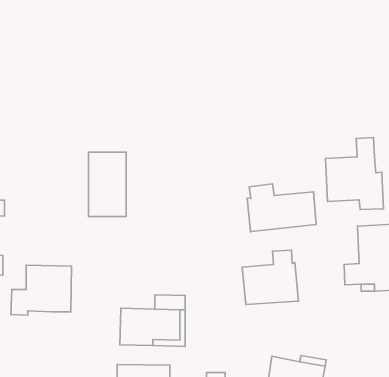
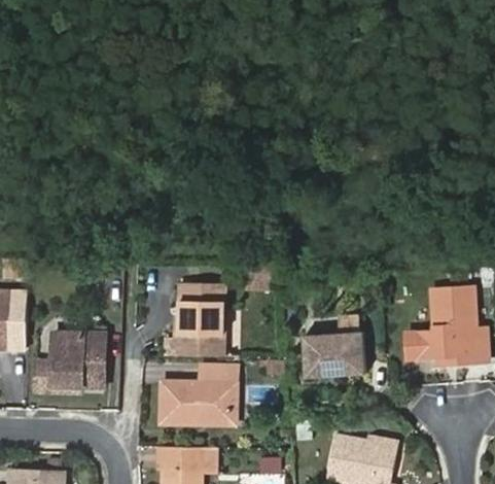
building: [325,137,383,209] -> none
building: [89,152,126,216] -> [178,281,221,355]
building: [247,184,316,232] -> none

